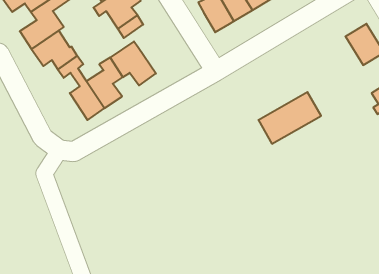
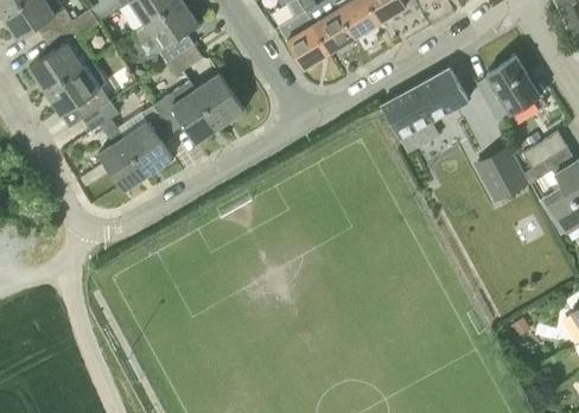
building: none -> [195,74,244,127]
building: none -> [477,148,524,201]
building: [258,92,321,144] -> [381,69,469,141]

